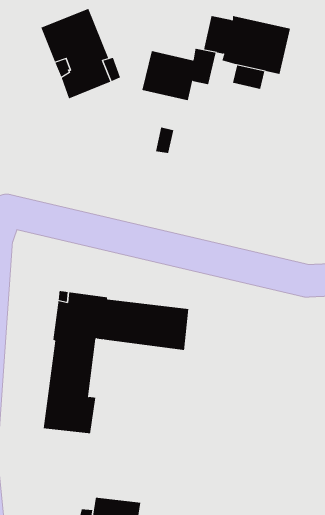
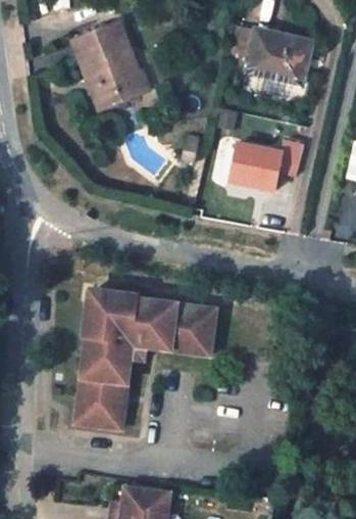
building: [141,48,216,101] -> [230,139,301,189]
building: none -> [119,337,211,393]

